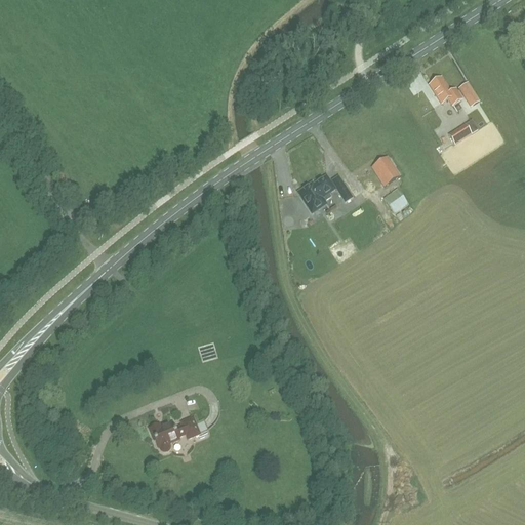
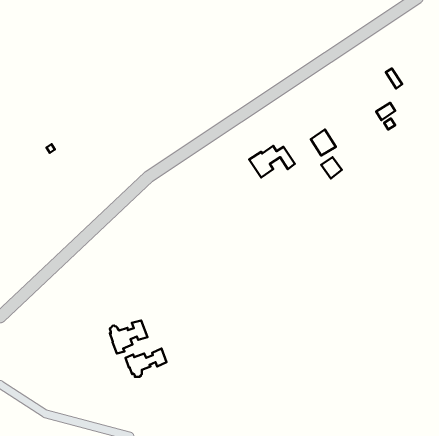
building: [429,76,461,105] -> none
building: none -> [110,320,148,354]

